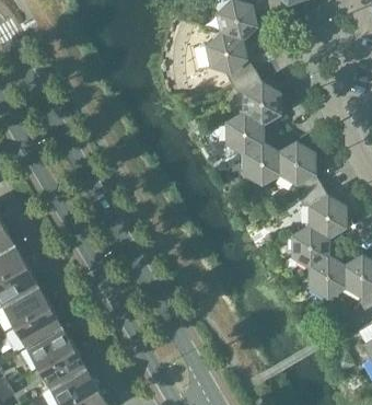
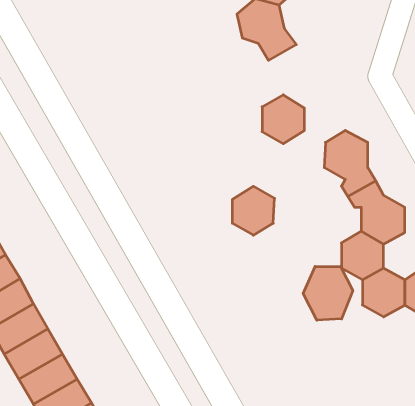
building: [232,71,279,124] -> none
building: [244,142,279,183] -> [232,186,275,235]
building: none -> [303,266,353,320]

